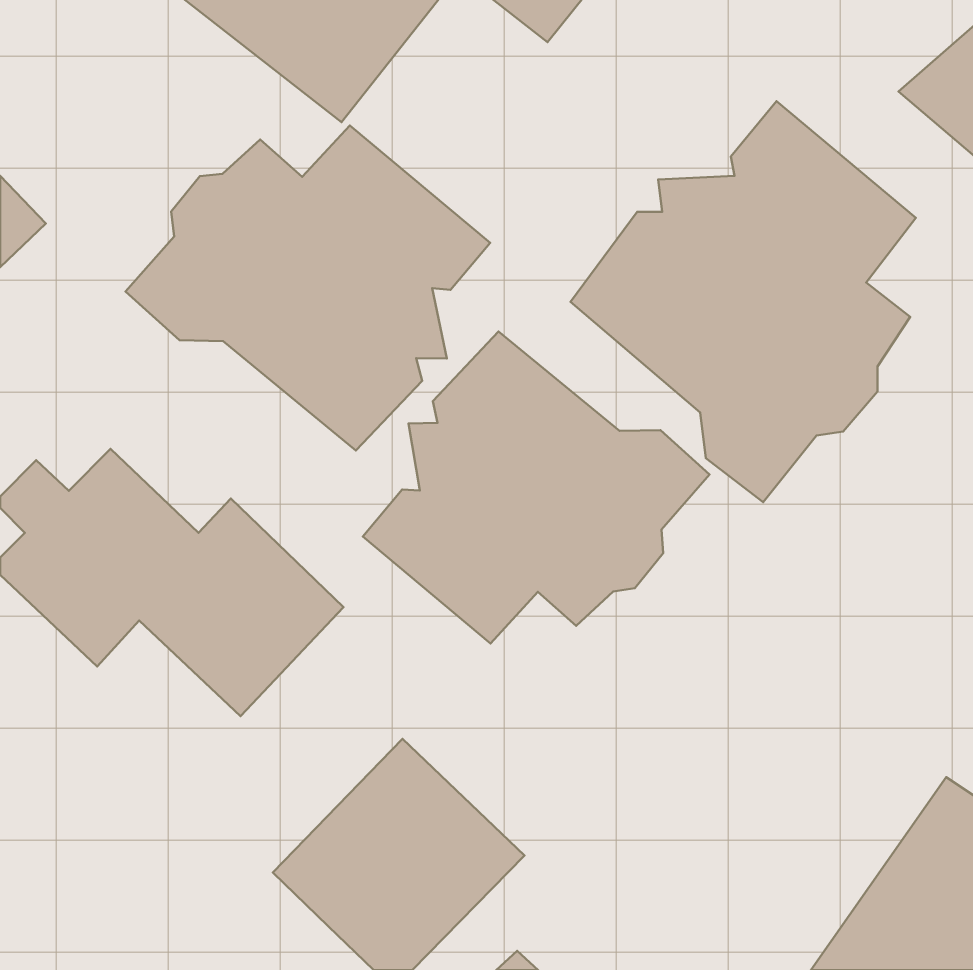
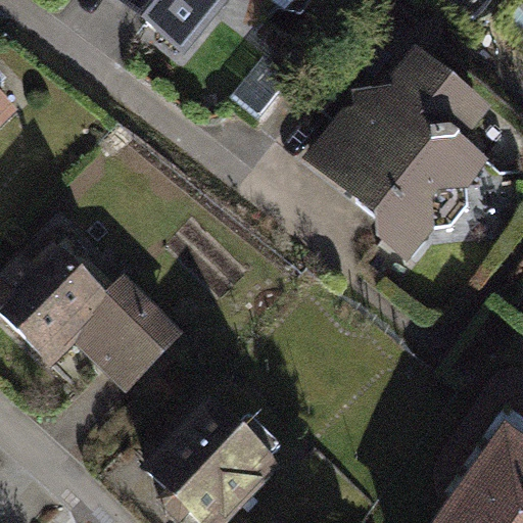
building: [126,125,490,450] -> none
building: [363,331,710,643] -> none

